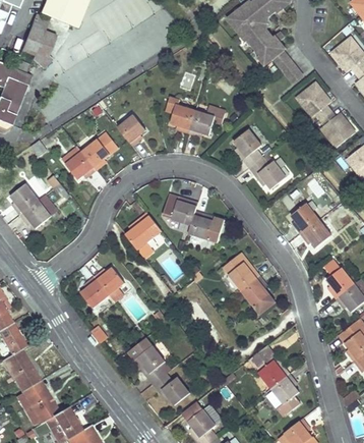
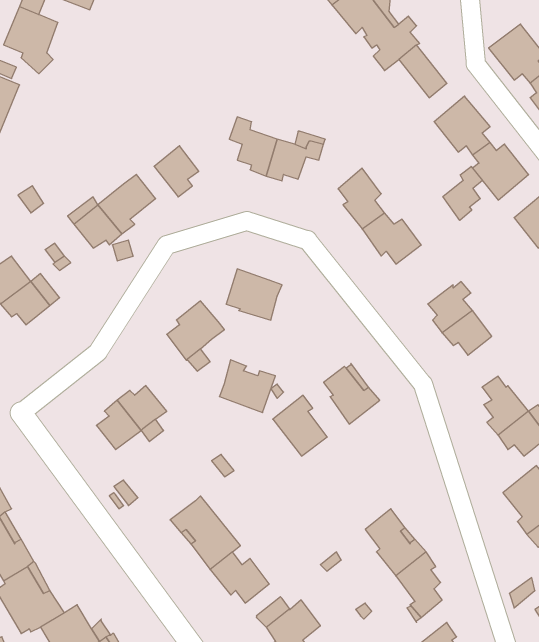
building: none -> [443,166,482,220]
building: [188,210,224,243] -> [219,360,275,413]
building: [241,276,276,315] -> [273,395,327,456]

